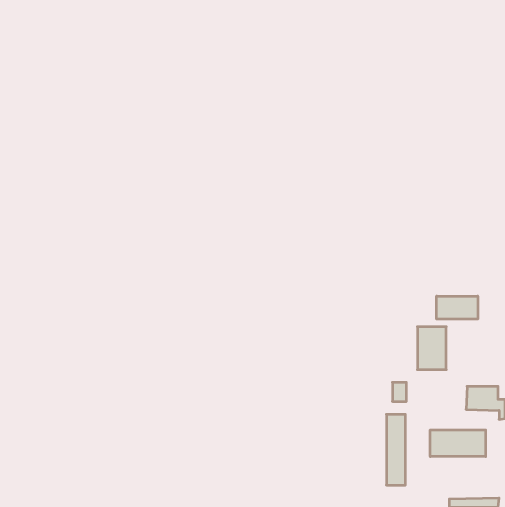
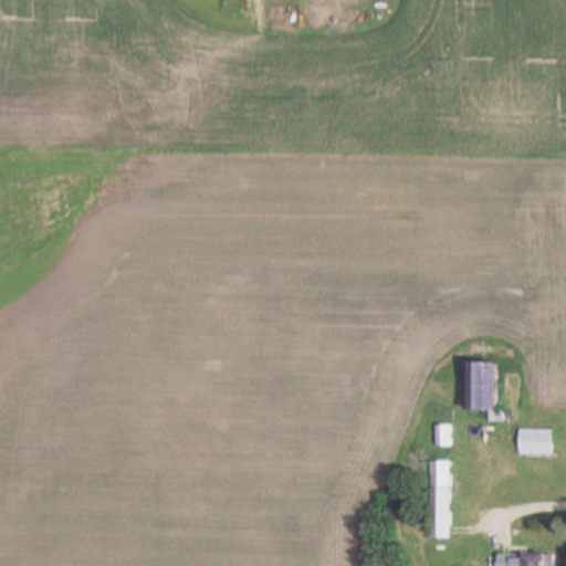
building: [437,296,478,319] -> none
building: [430,430,486,457] -> none

